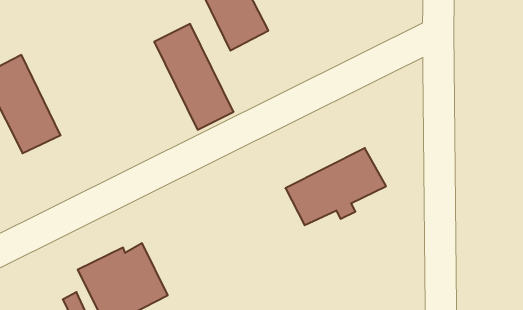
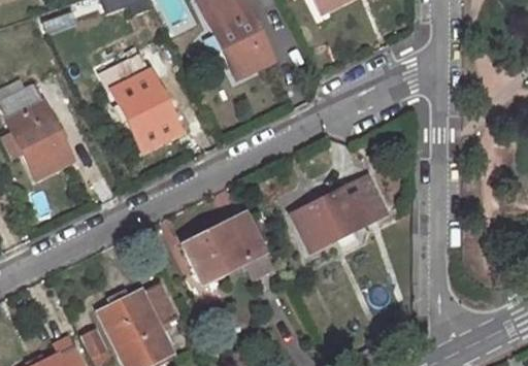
building: [154,24,234,130] -> [101,45,178,148]
building: none -> [183,221,263,284]

